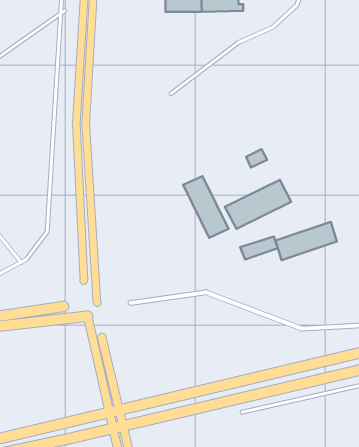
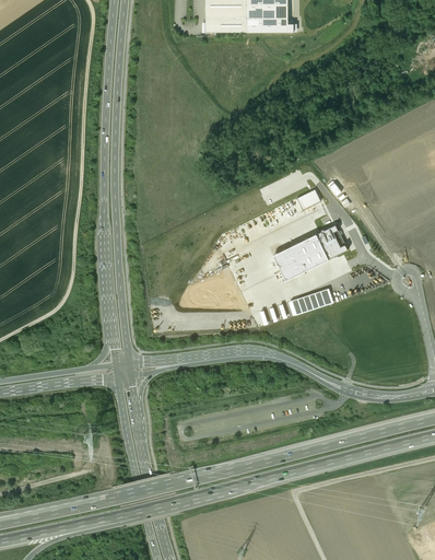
building: [183,176,229,238] -> none
building: [275,222,337,260] -> none

